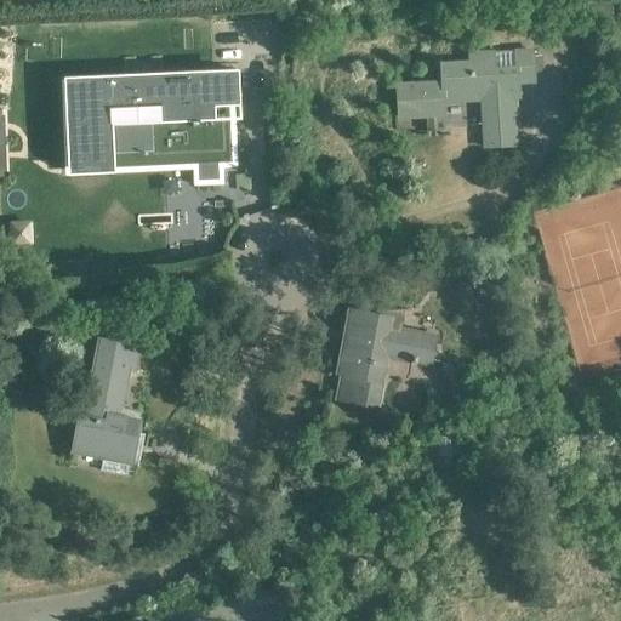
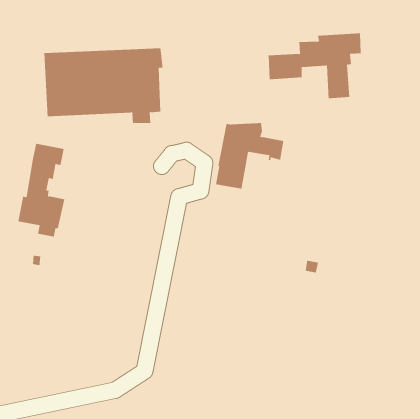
building: [334,307,435,405] -> [215,123,284,189]
building: [72,336,142,474] -> [17,143,65,237]

